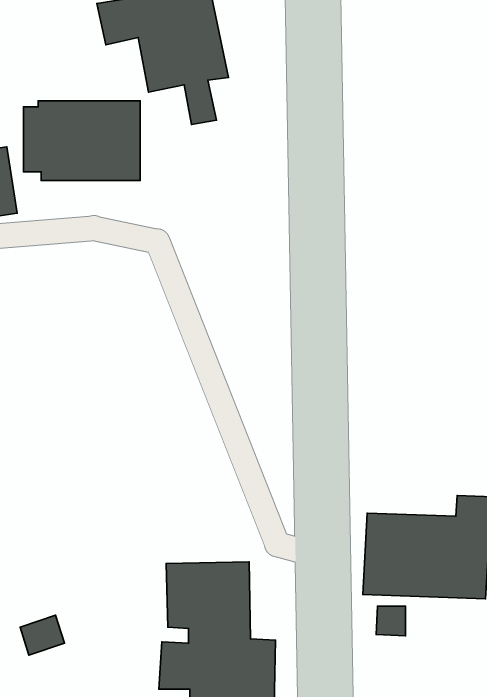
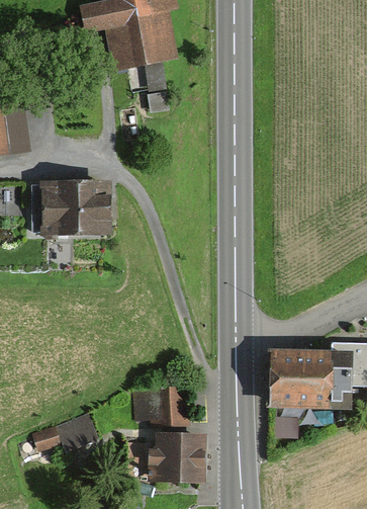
building: [23,101,140,181] -> [33,183,113,238]
building: none -> [58,412,99,451]

